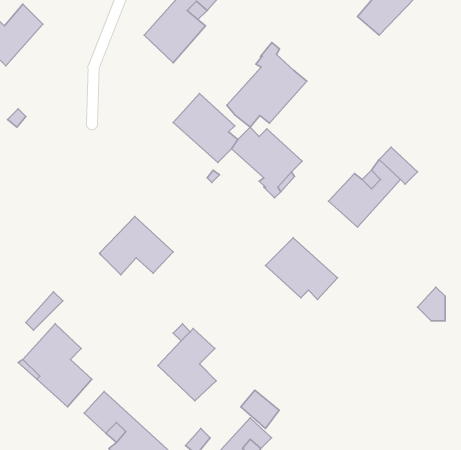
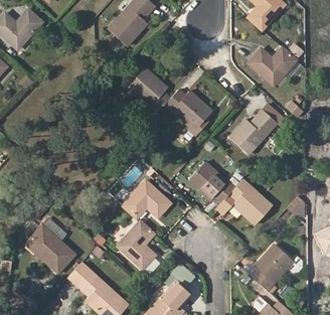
building: [227,43,307,127] -> none
building: none -> [248,47,296,86]
building: [99,216,173,275] -> [122,180,170,218]
building: none -> [215,179,273,226]
building: none -> [251,247,302,292]

